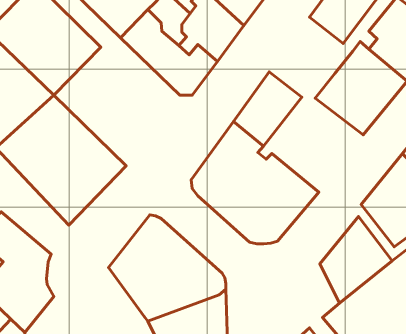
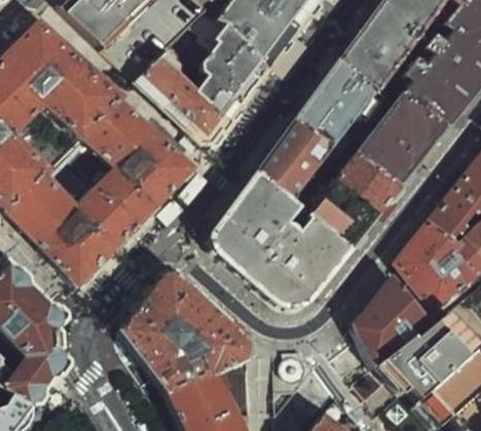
building: none -> [297,56,388,144]
building: none -> [62,89,192,219]
building: none -> [300,145,400,247]

